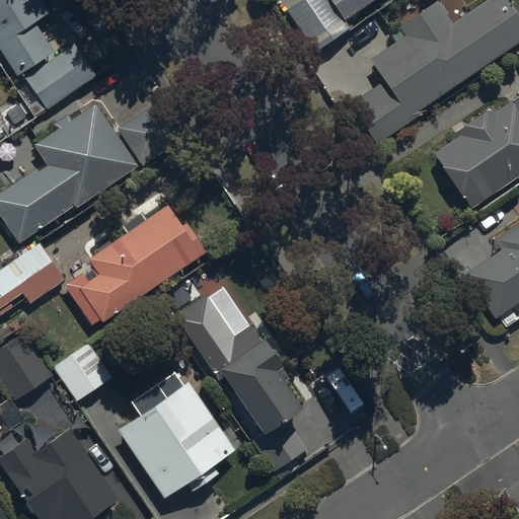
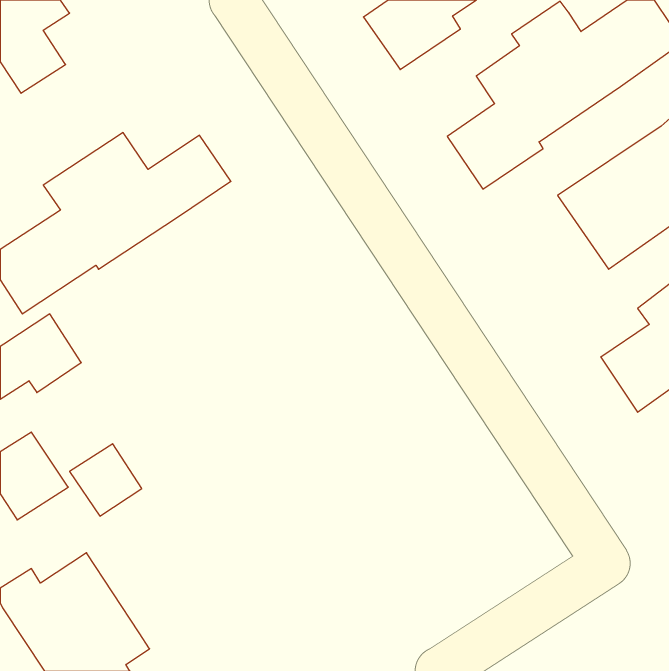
building: [24,44,94,106] -> none
building: [63,202,207,325] -> none
building: [174,296,310,474] -> none
building: [118,371,236,500] -> none

